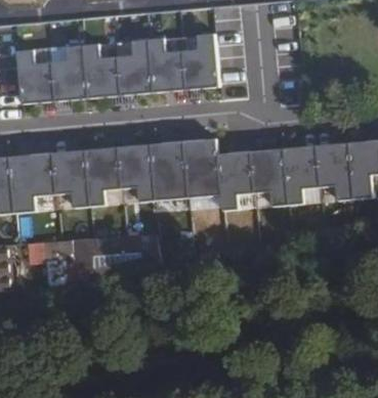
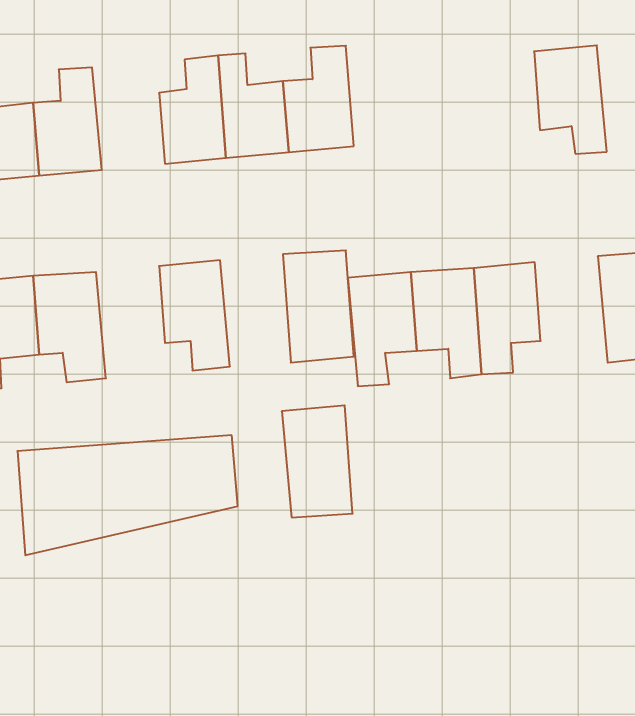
building: [83,42,121,97] -> none
building: [150,141,186,200] -> [282,405,353,517]
building: [313,142,351,198] -> [534,45,607,154]
building: [85,147,121,206] -> none

